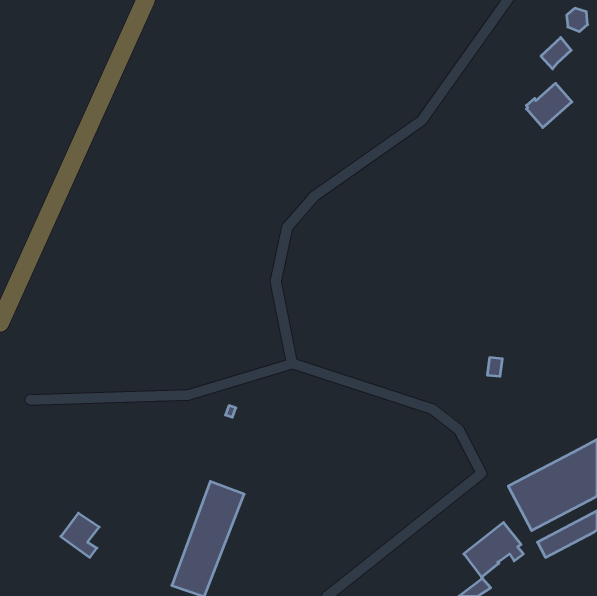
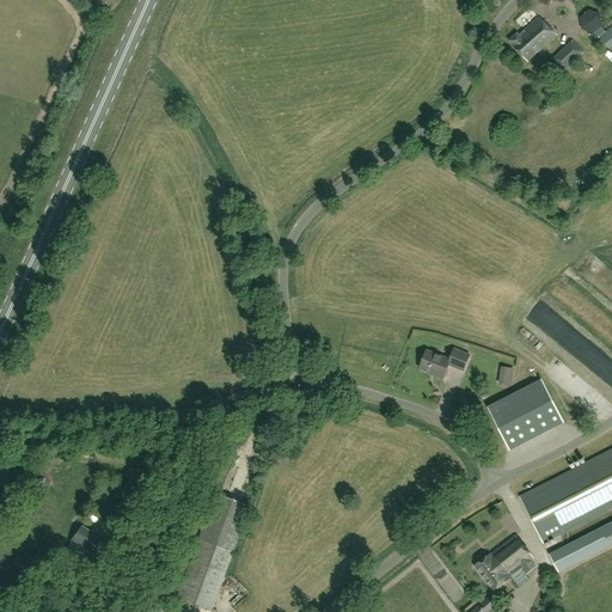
building: [526,83,572,128] -> [510,16,557,61]
building: none -> [420,348,470,378]
building: none -> [489,379,564,449]

